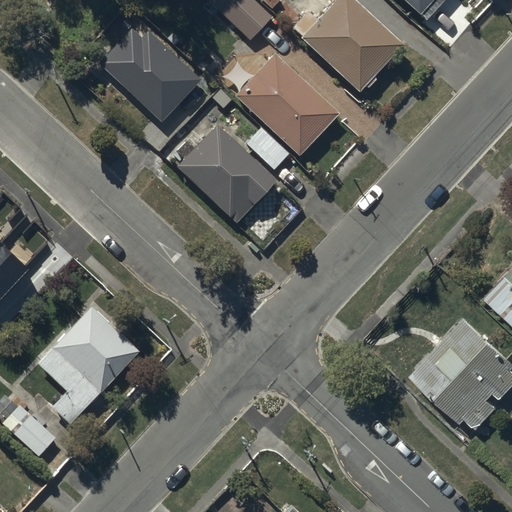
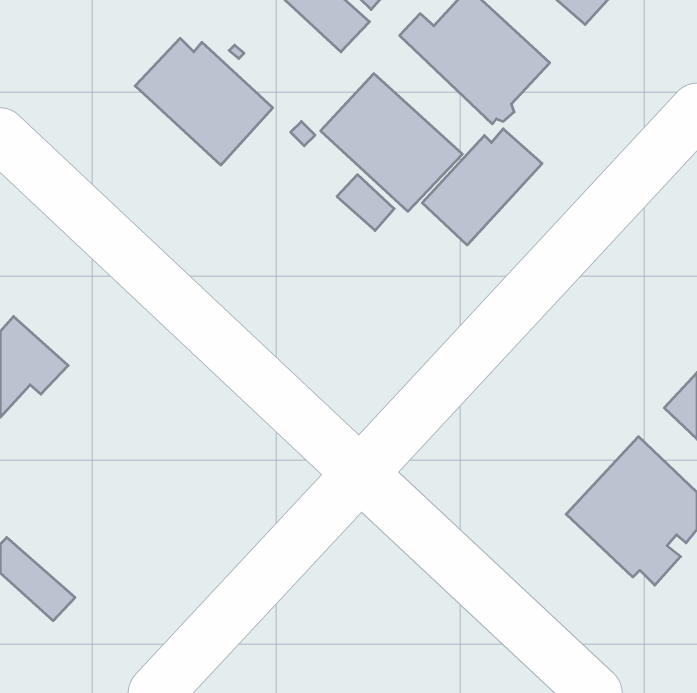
building: none -> [422,129,542,245]
building: [178,125,276,222] -> none
building: [35,307,138,424] -> none

